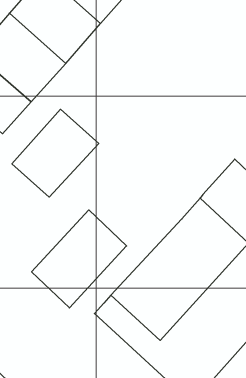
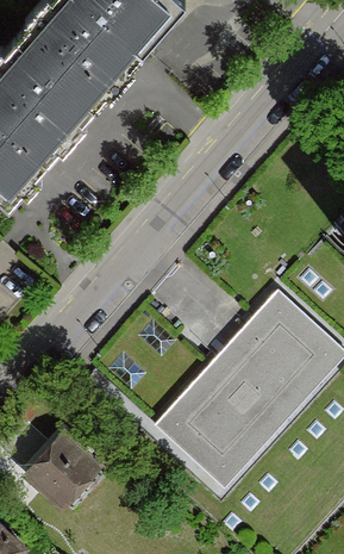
building: [12,109,99,197] -> none
building: [32,210,127,308] -> none
building: none -> [30,435,98,503]

